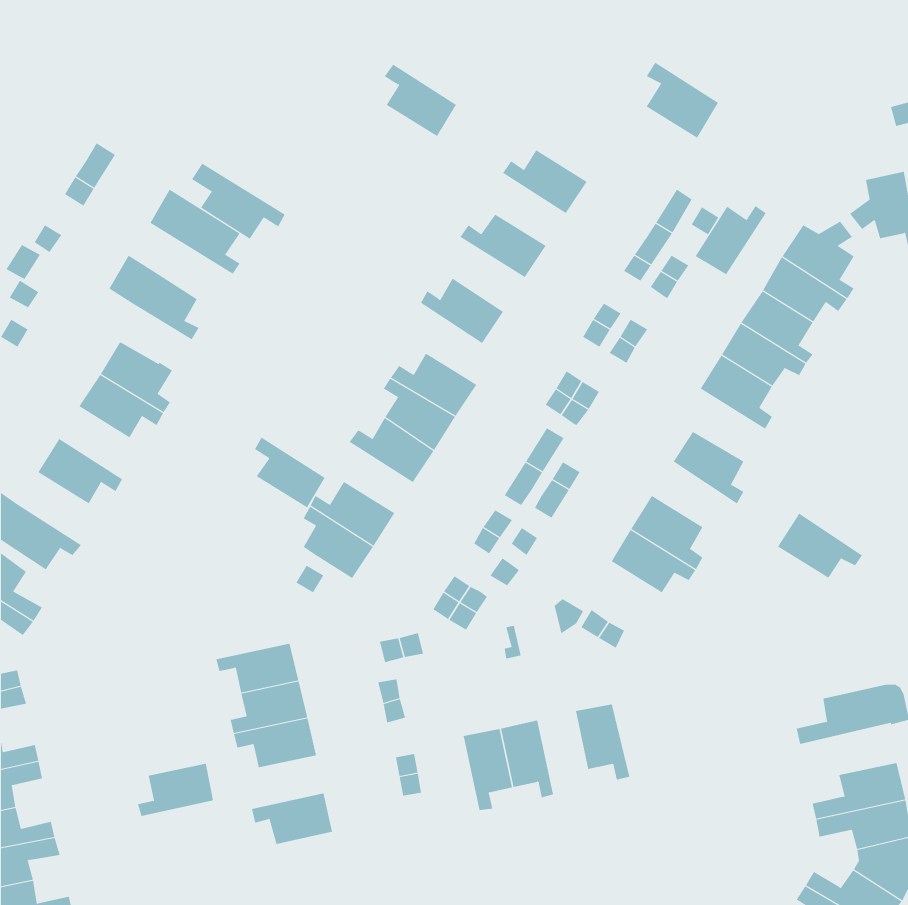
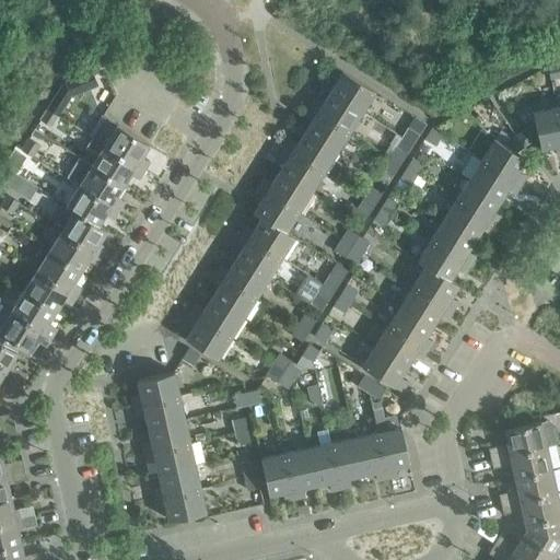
building: [646,62,719,139] -> [330,68,375,115]
building: [384,64,457,137] -> [304,109,349,154]
building: [191,163,286,240] -> [86,140,144,187]
building: [695,205,767,275] -> none
building: none -> [279,149,324,195]
building: none -> [67,188,119,226]
building: none -> [254,189,298,234]
building: none -> [418,242,471,282]
building: none -> [37,253,81,298]
building: [254,437,325,508] -> [211,275,255,318]
building: none -> [12,293,56,338]
building: [777,513,863,579] -> [401,287,454,327]
building: none -> [363,348,408,394]
building: none -> [132,374,179,408]
building: none -> [377,430,410,480]
building: none -> [331,440,362,491]
building: none -> [492,447,552,479]
building: none -> [261,455,295,503]
building: [137,763,214,817] -> [153,467,200,500]

